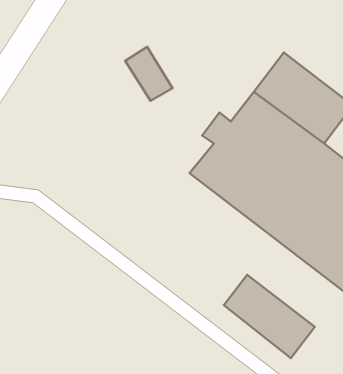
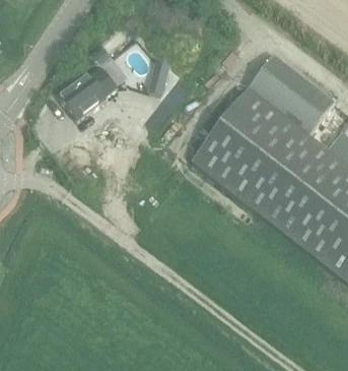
building: none -> [58,63,117,118]
building: [224,275,315,358] -> none

